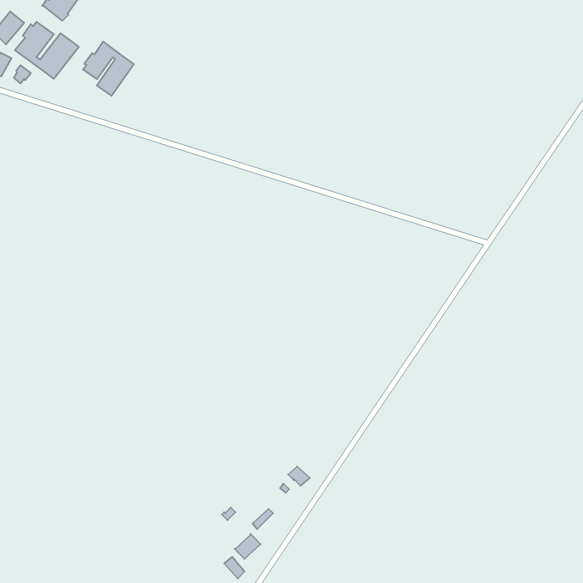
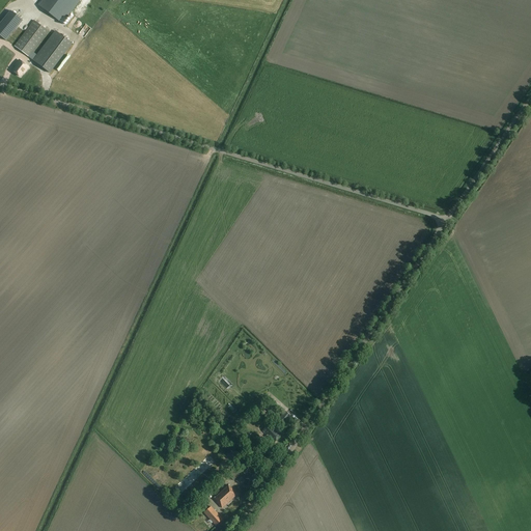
building: [83,42,134,96] -> none

